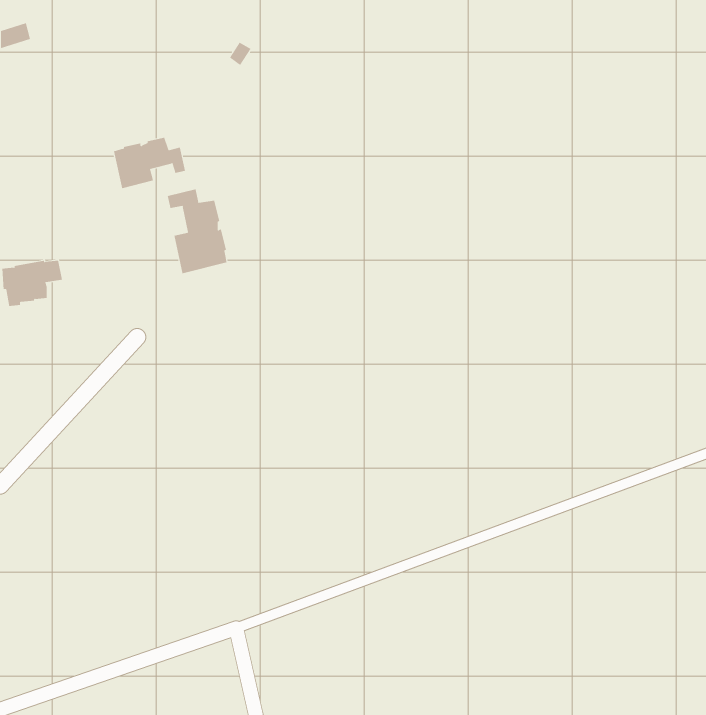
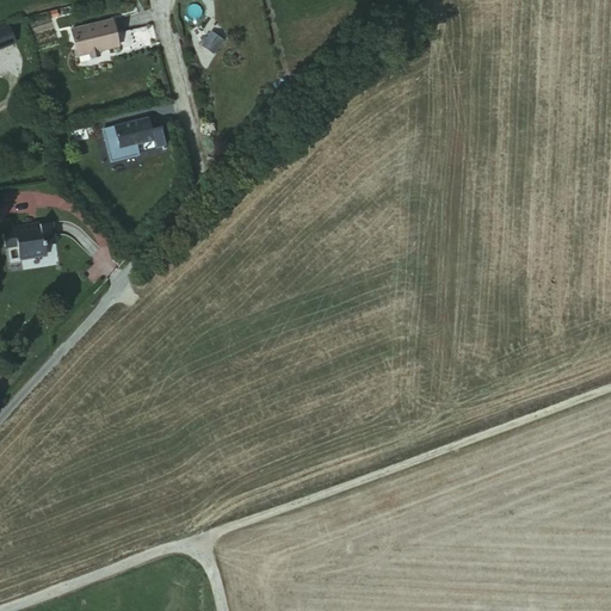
building: none -> [68,19,118,56]
building: [167,189,227,274] -> none

